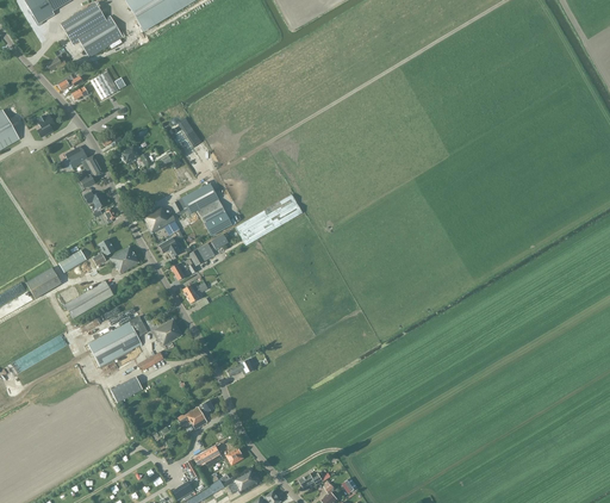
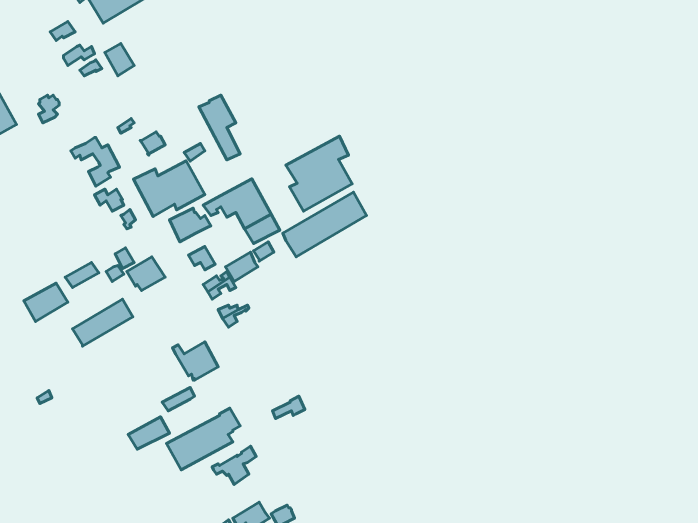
building: none -> [286,136,352,211]
building: none -> [134,161,205,216]
building: [88,316,148,366] -> [166,408,240,470]

